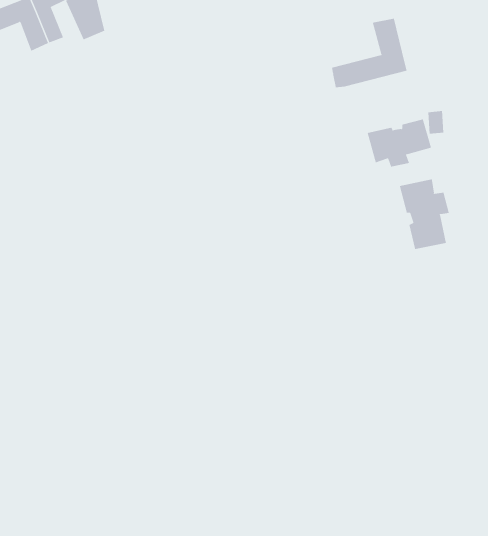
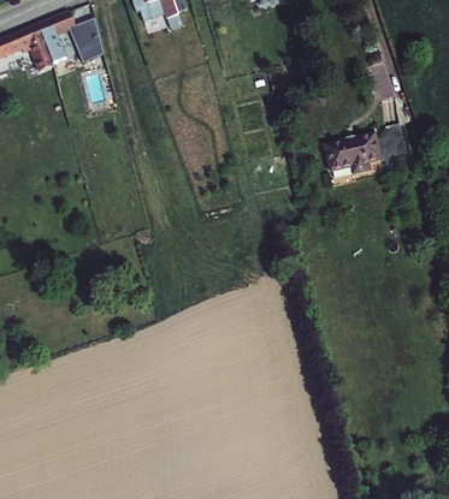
building: [331,18,407,88] -> none
building: [399,179,450,250] -> none

